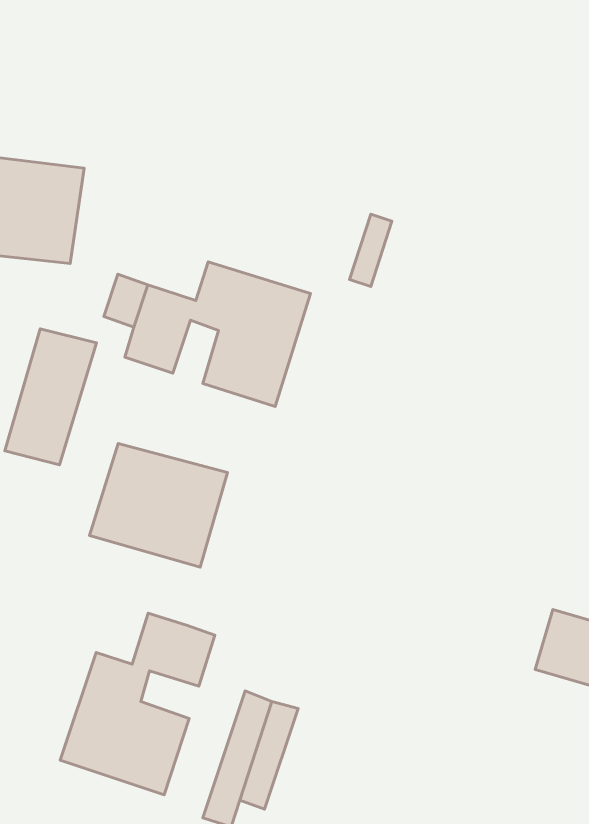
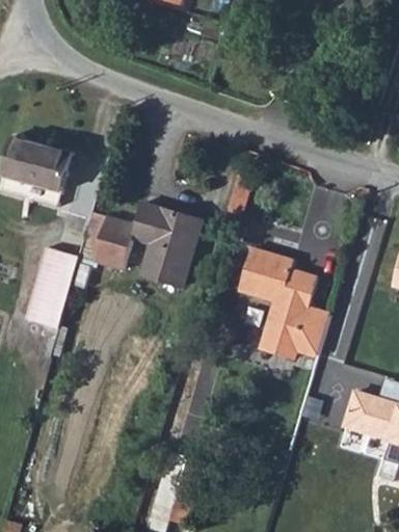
building: none -> [243,244,331,353]
building: [90,443,228,567] -> none
building: [60,613,215,795] -> none

